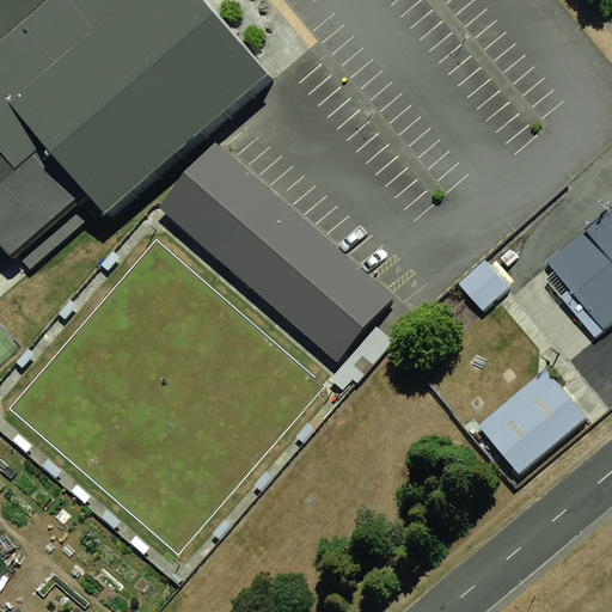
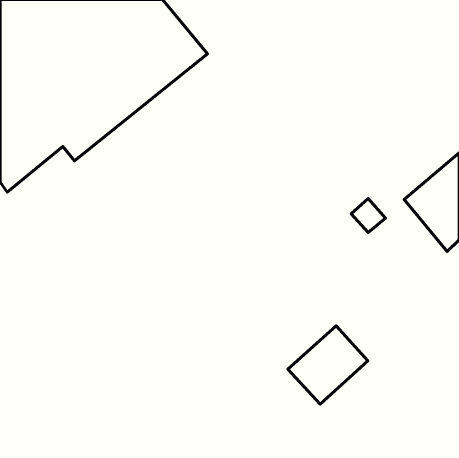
building: [148,151,403,385] -> none
building: [479,368,586,472] -> [288,326,368,404]

